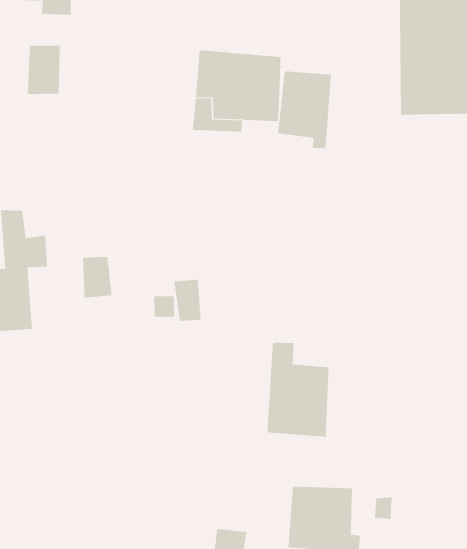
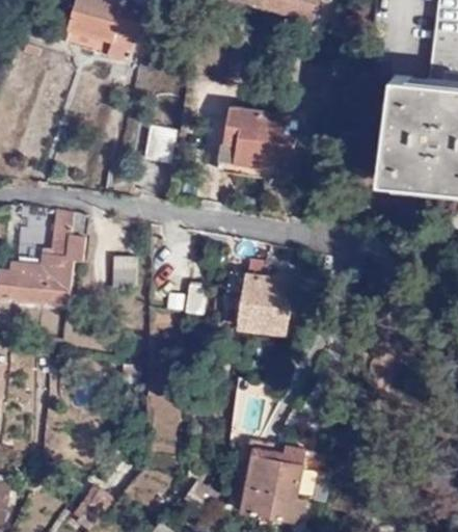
building: [27,45,61,95] -> [140,125,172,166]
building: [277,71,331,149] -> none
building: [266,342,330,437] -> [237,258,294,339]

